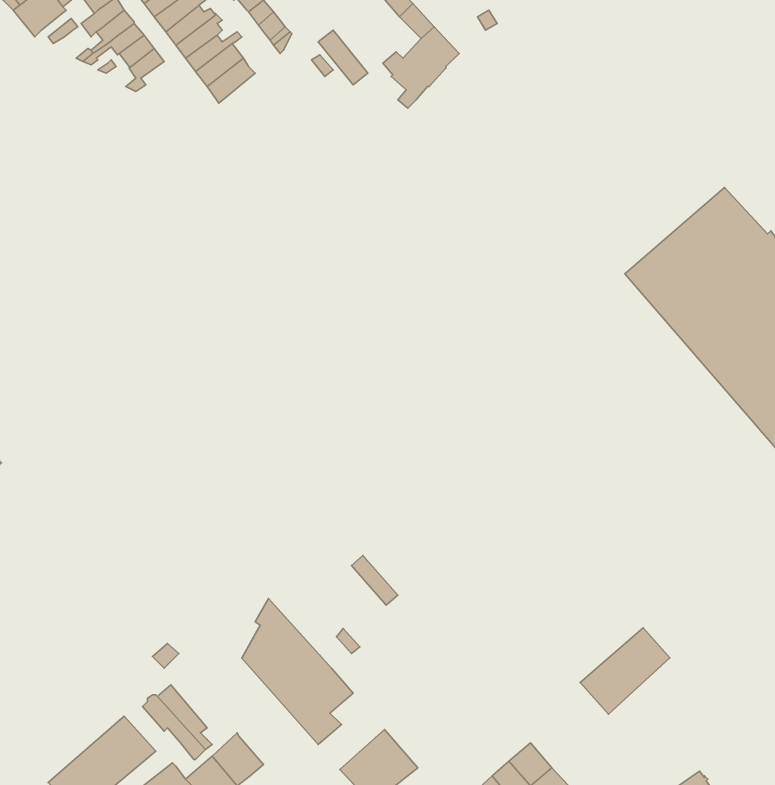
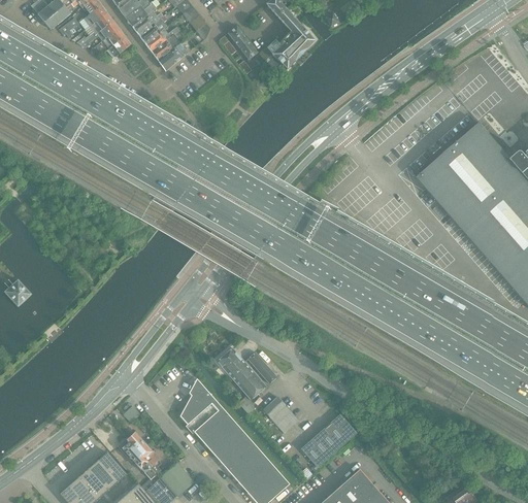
building: none -> [217,346,266,399]
building: none -> [263,396,298,431]
building: [580,628,670,714] -> [300,413,356,467]
building: none -> [227,437,268,484]

